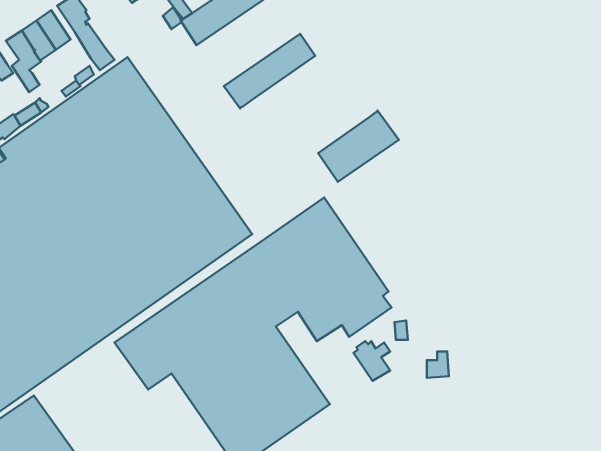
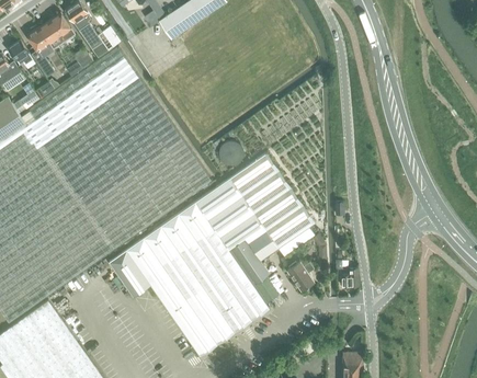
building: [224,34,315,109] -> none
building: [318,110,399,182] -> none
building: none -> [229,239,279,303]

